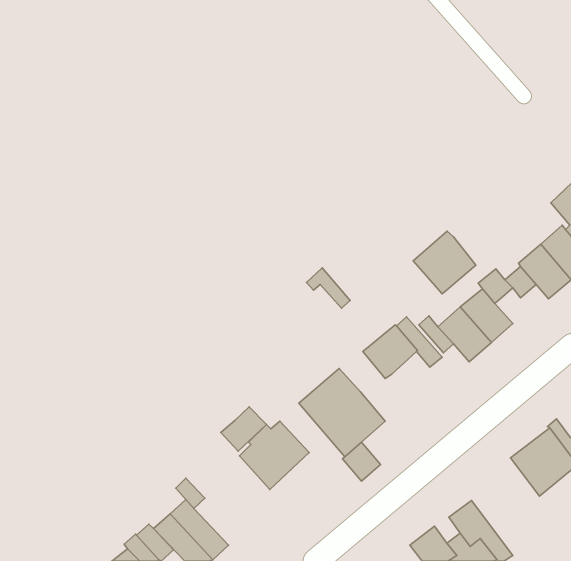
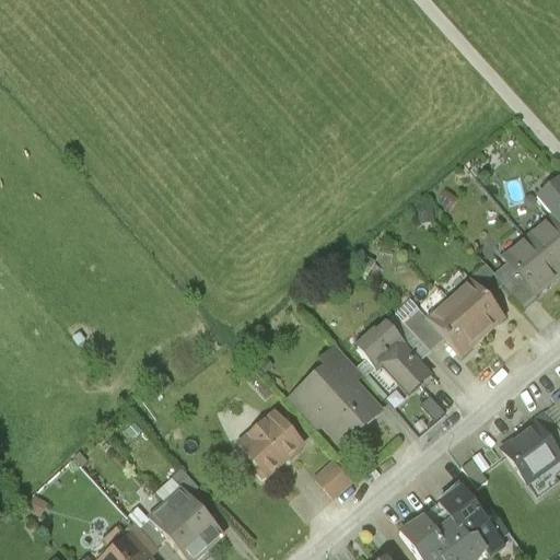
building: [413,231,476,294] -> none
building: [307,268,350,308] -> [319,343,362,383]
building: none -> [384,343,433,393]
building: [221,407,266,451] -> none
building: [343,442,381,481] -> [314,458,351,497]

